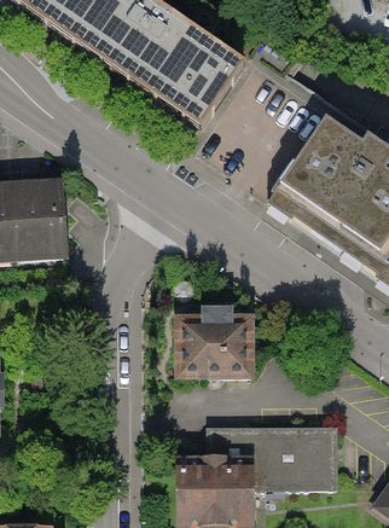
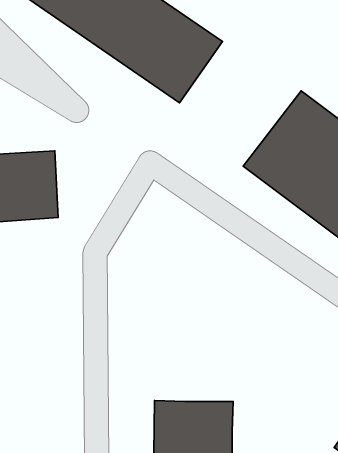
building: [175,306,257,372] -> none
building: [208,424,339,489] -> none

